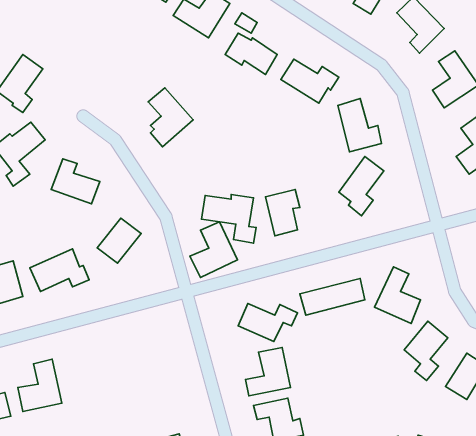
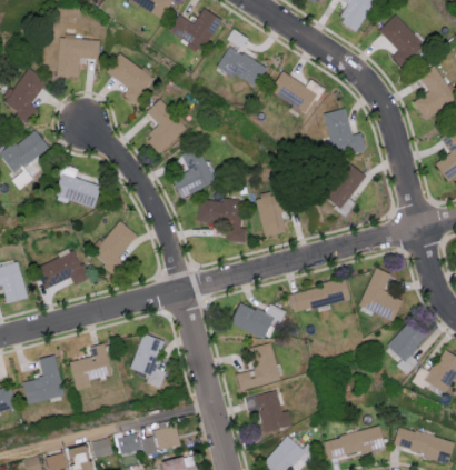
building: none -> [57,39,100,79]
building: none -> [106,54,155,107]
building: [190,222,237,278] -> [172,149,217,201]
building: none -> [130,333,166,388]
building: none -> [69,343,112,390]

